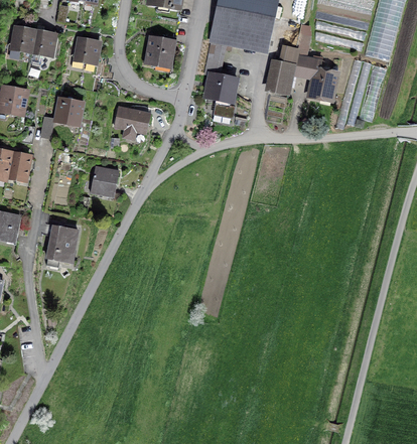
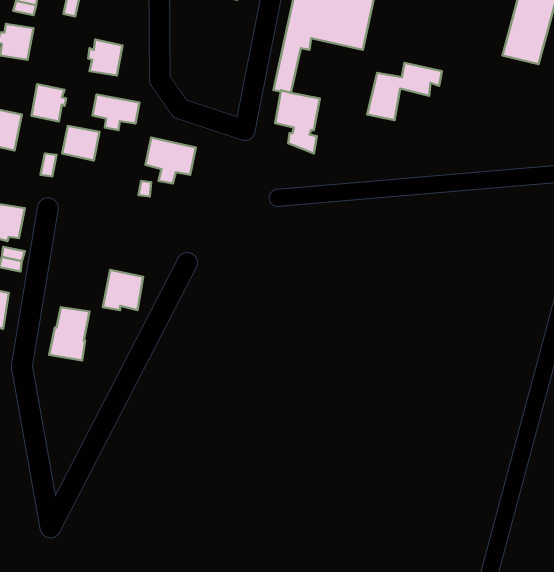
building: [32,29,56,55] -> [32,84,66,122]
building: [145,34,176,67] -> none
building: [309,67,336,97] -> none
building: none -> [92,94,140,130]
building: [91,165,119,193] -> [103,270,143,310]

